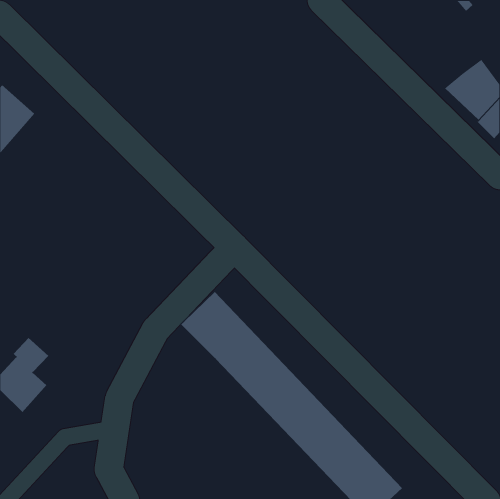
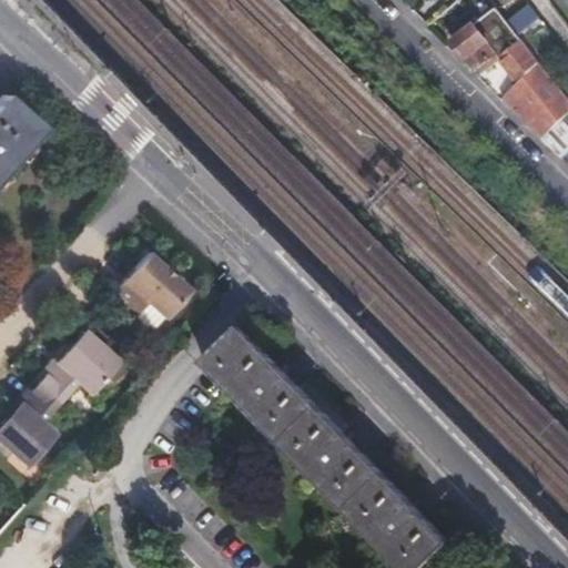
building: none -> [456,9,545,85]
building: none -> [116,251,195,317]
building: none -> [32,334,116,405]

